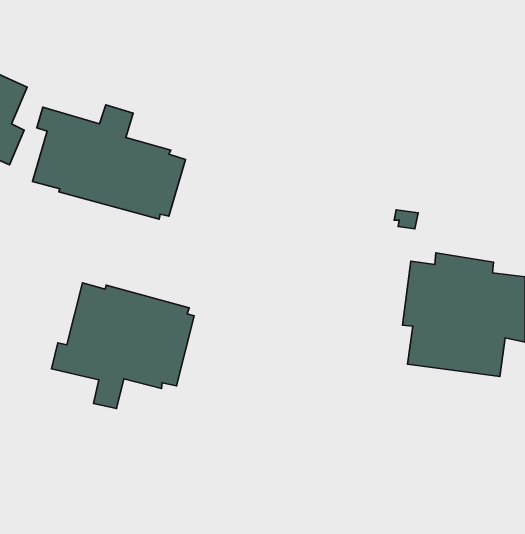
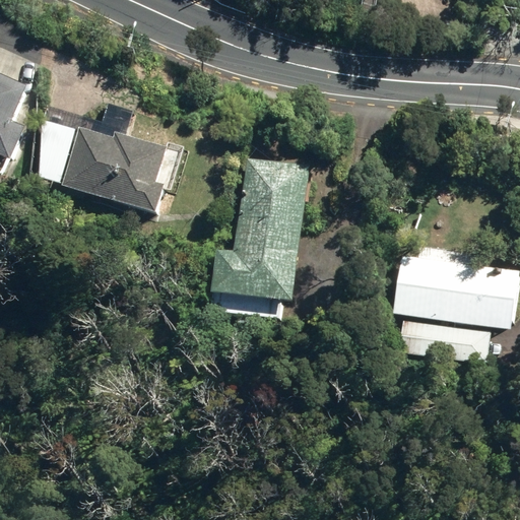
building: none -> [213,156,308,303]
building: [51,283,194,409] -> none

